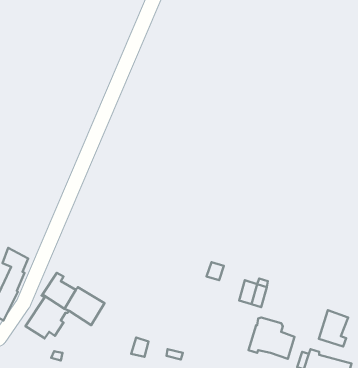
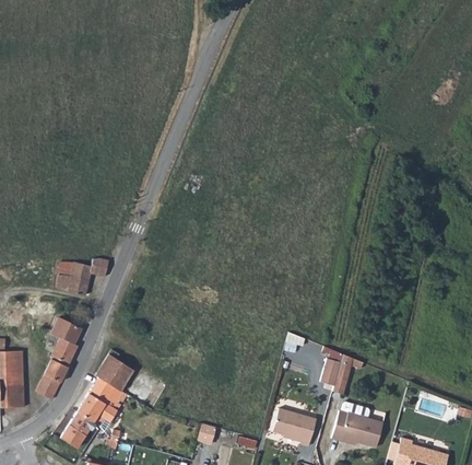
building: none -> [56,258,106,295]
building: [319,310,348,346] -> none
building: none -> [272,407,316,446]
building: none -> [59,410,96,447]

